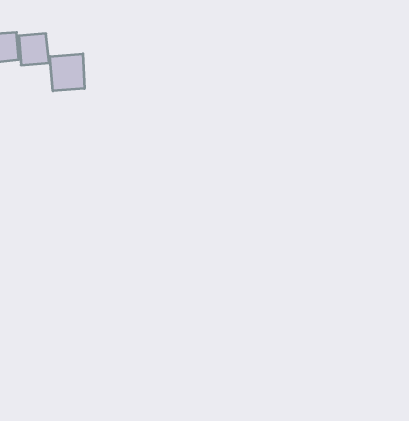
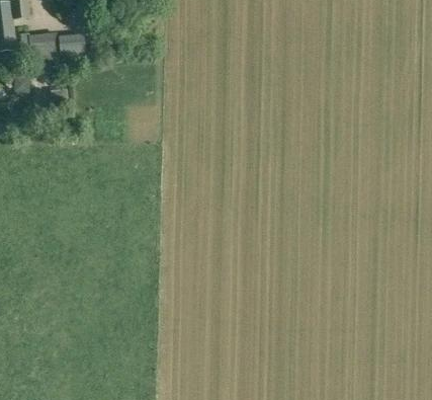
building: [50,54,84,91] -> none

